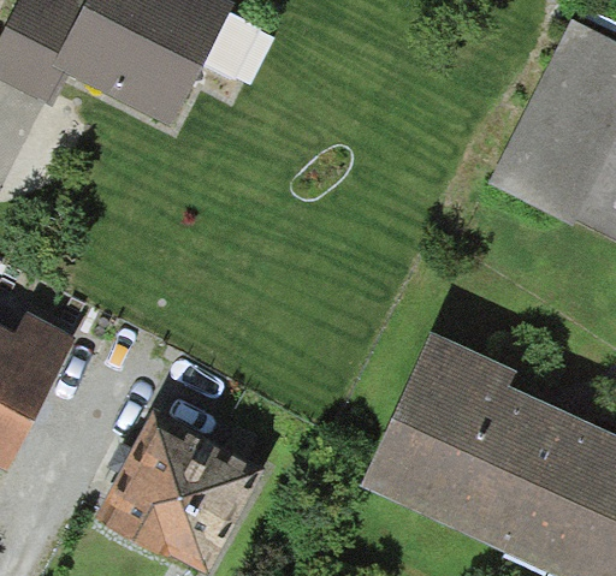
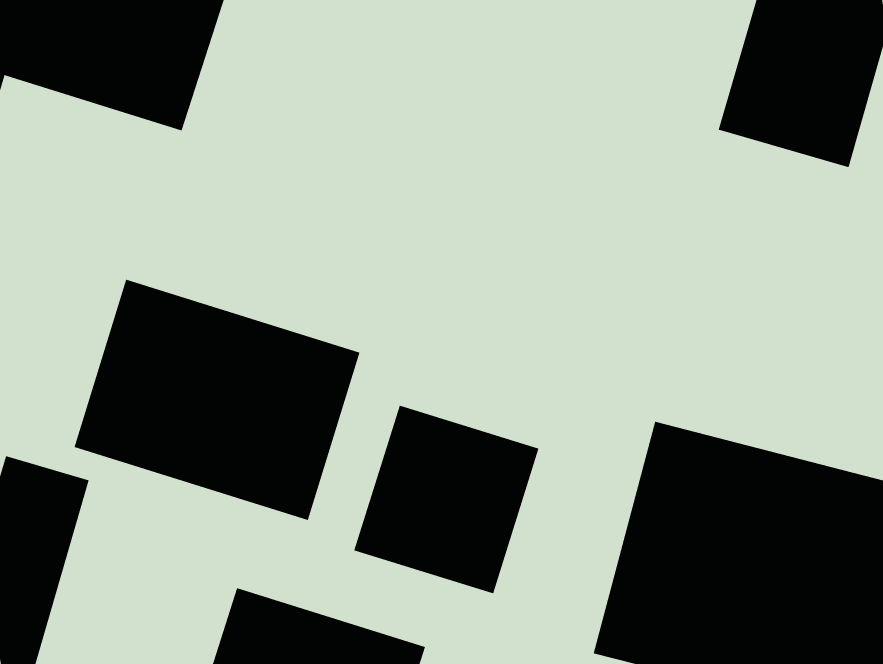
building: none -> [74,279,360,521]
building: none -> [354,405,539,594]

